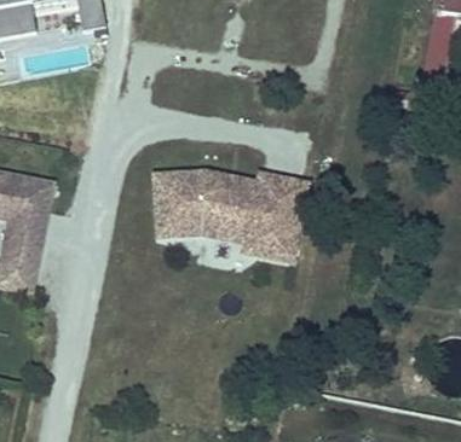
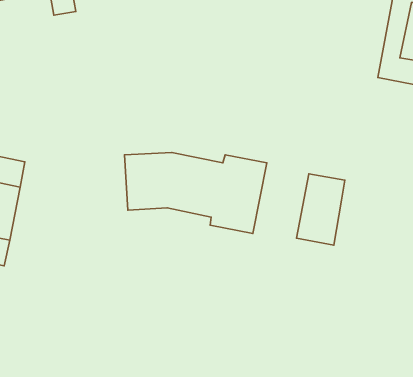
building: none -> [297,174,345,245]

